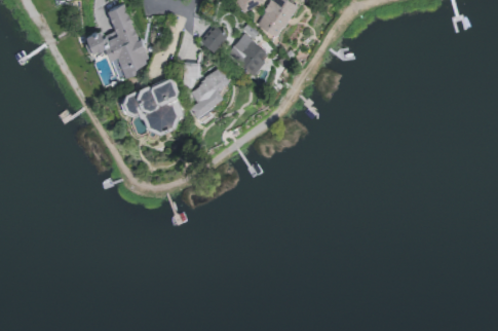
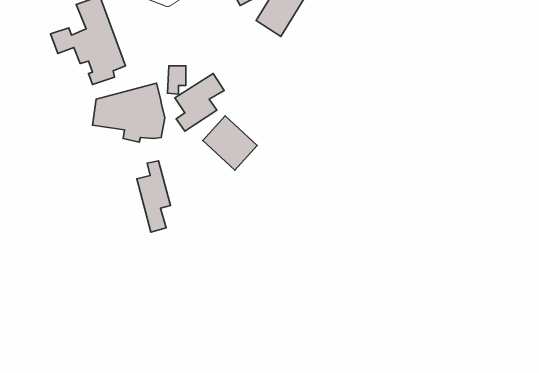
building: [200,25,228,52] -> none
building: [225,35,270,80] -> [203,116,257,170]
building: none -> [137,161,170,232]

